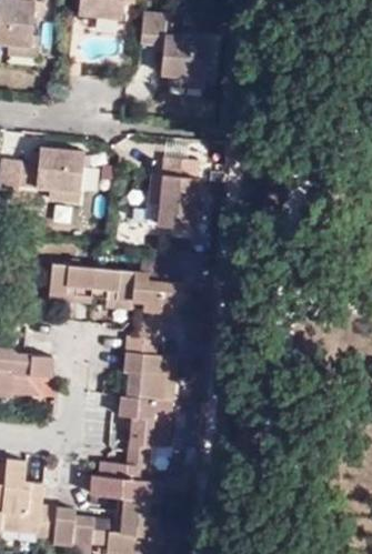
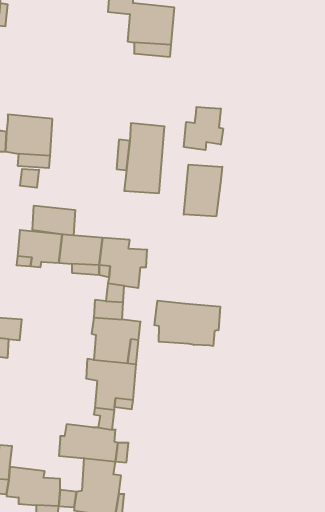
building: none -> [184,107,223,150]
building: none -> [184,165,222,216]
building: none -> [32,206,75,235]
building: none -> [154,301,220,346]

